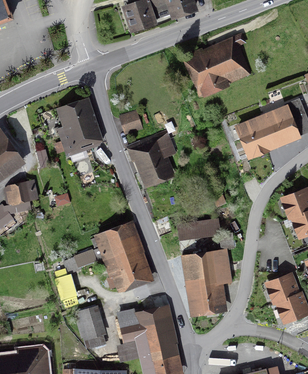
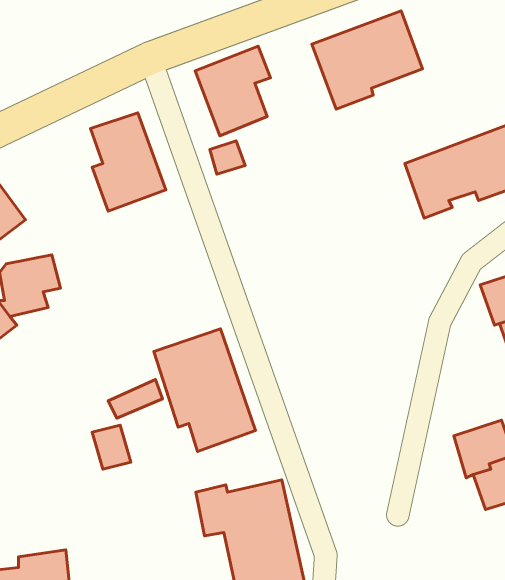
building: [128,134,171,185] -> [195,46,271,136]
building: [178,219,221,242] -> none
building: [181,248,229,315] -> none
building: [74,305,103,339] -> none

